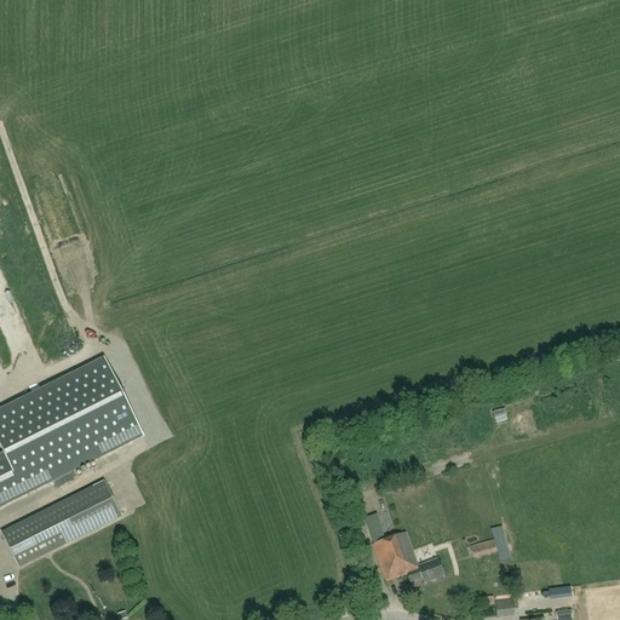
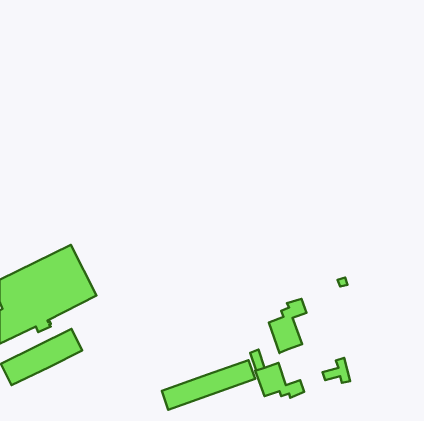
building: none -> [269,299,306,353]
building: none -> [162,360,255,410]

